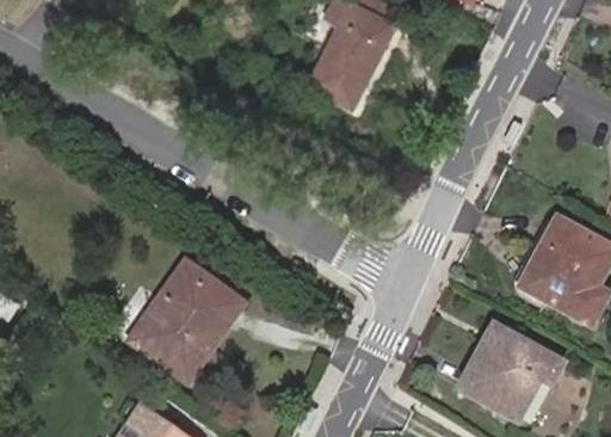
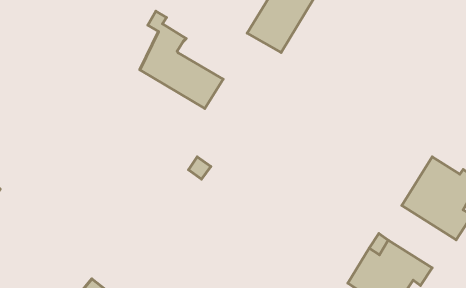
building: none -> [140,11,223,109]
building: [129,261,243,381] -> none

